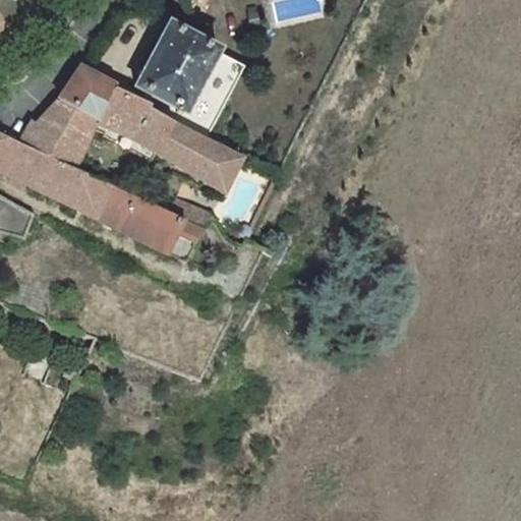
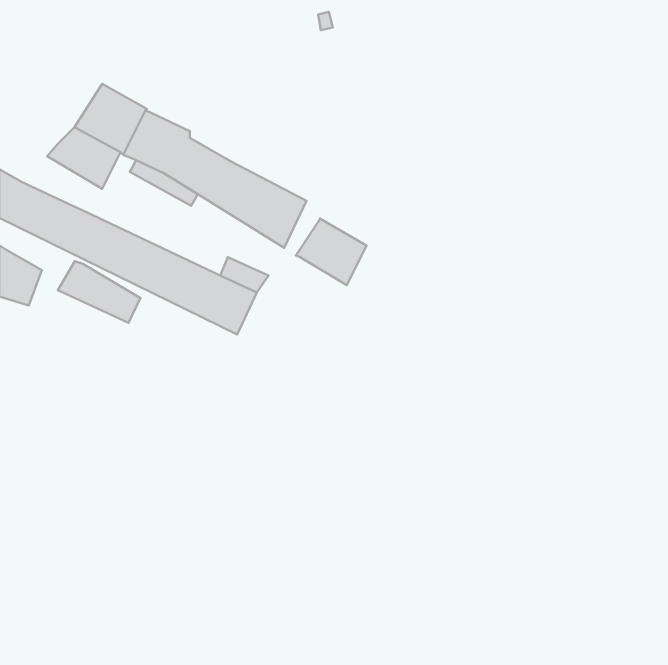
building: [134,21,244,125] -> none
building: [17,119,81,167] -> [58,261,140,323]
building: none -> [296,218,366,285]

